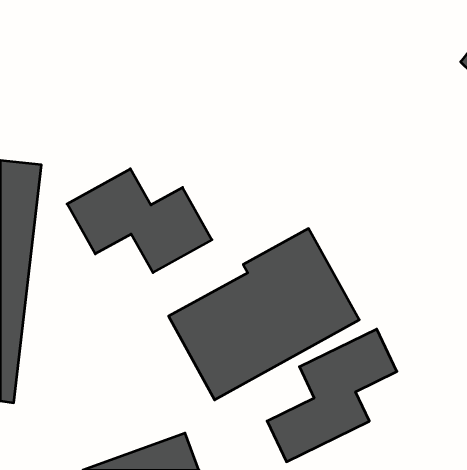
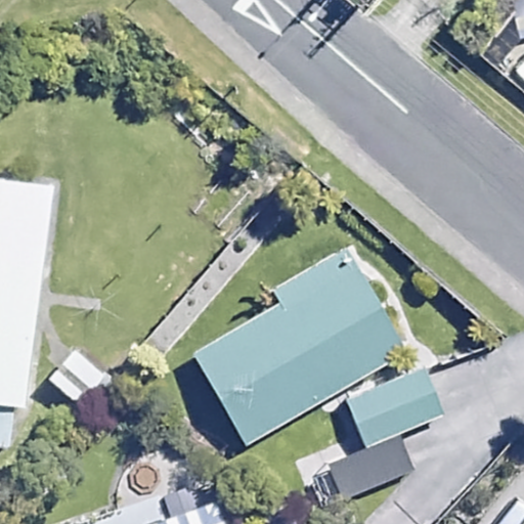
building: [67,169,212,273] -> none

